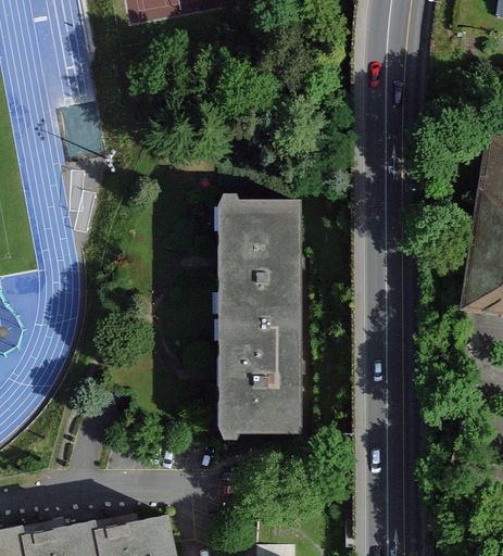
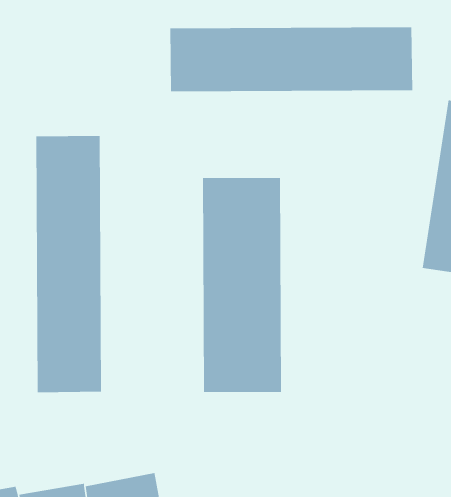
building: none -> [170,27,413,92]
building: none -> [36,135,102,393]

